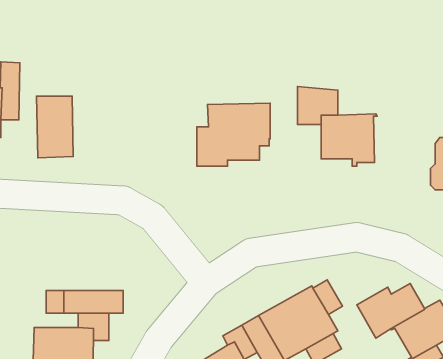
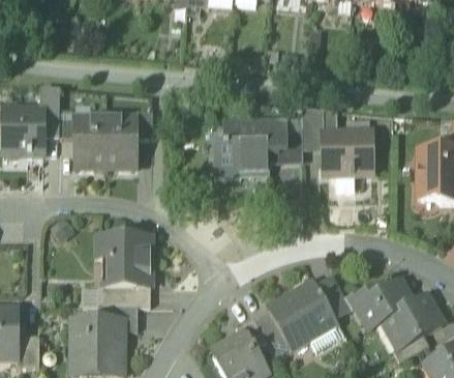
building: none -> [104,114,137,167]
building: none -> [276,128,302,157]
building: none -> [97,233,150,284]

